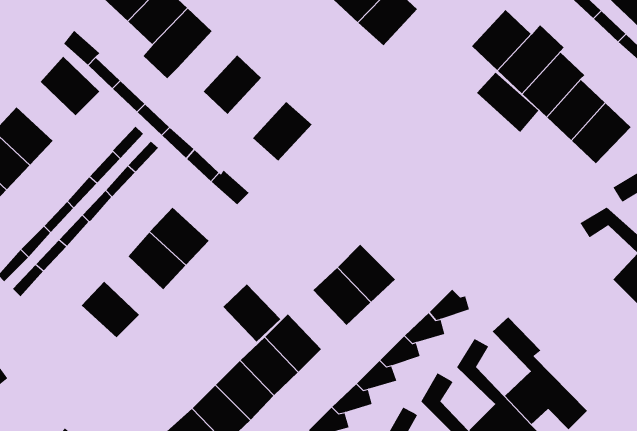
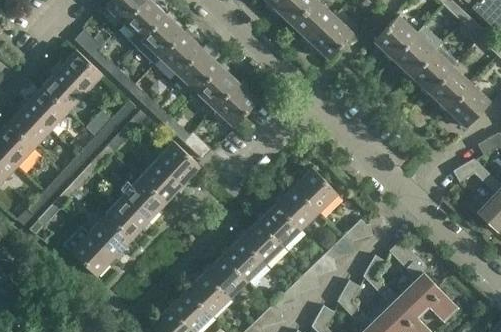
building: none -> [309,15,353,60]
building: none -> [159,31,202,75]
building: [476,72,539,133] -> none
building: none -> [195,65,238,109]
building: none -> [41,68,84,111]
building: none -> [155,141,199,184]
building: none -> [292,168,336,212]
building: none -> [105,195,148,238]
building: [222,283,281,342] -> [239,220,282,263]
building: none -> [62,223,114,274]

